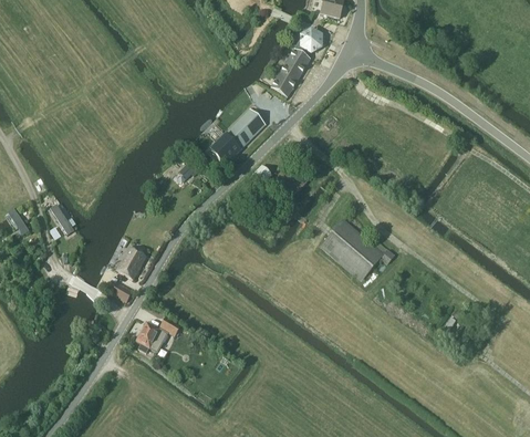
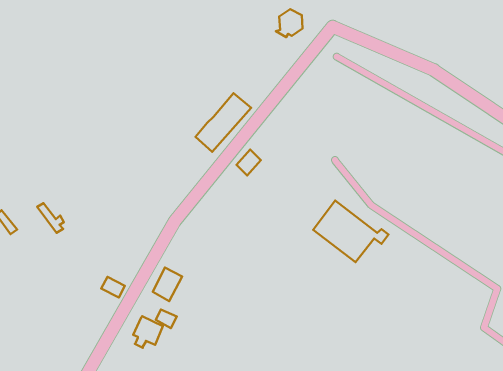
building: [271,49,311,96] -> none
building: [117,247,147,280] -> [153,268,182,301]

